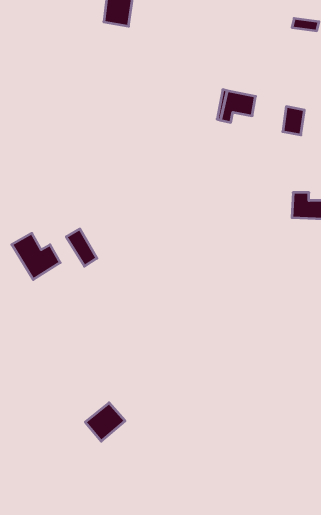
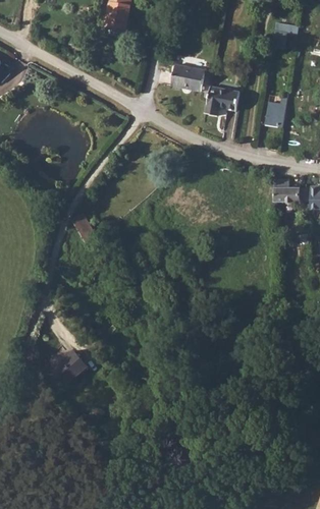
building: none -> [171,63,205,91]
building: [12,233,60,280] -> none
building: [85,403,125,441] -> [53,350,89,385]

